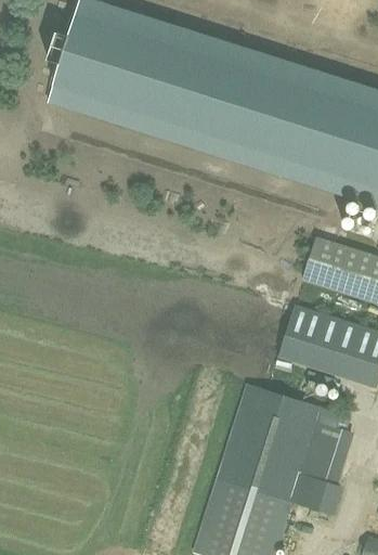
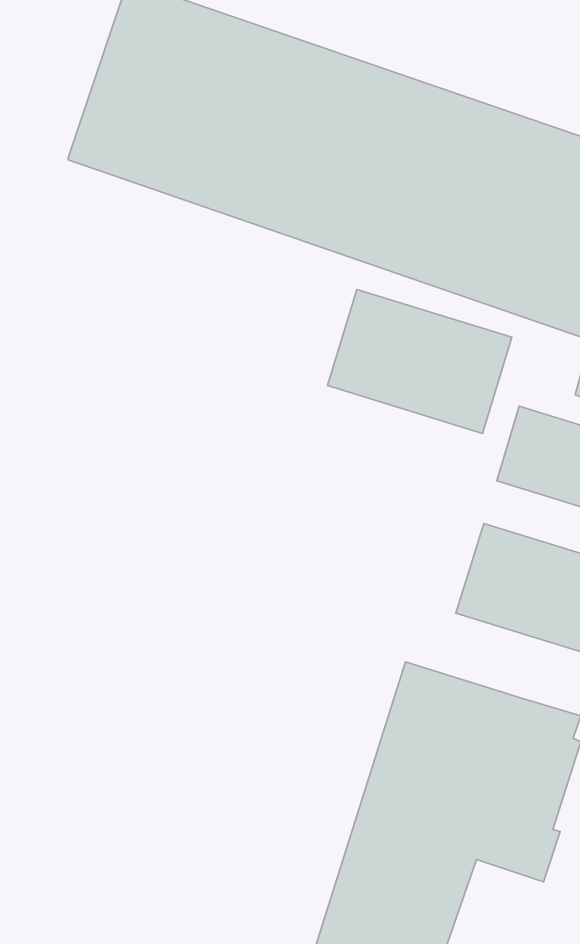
building: none -> [328,289,512,433]

